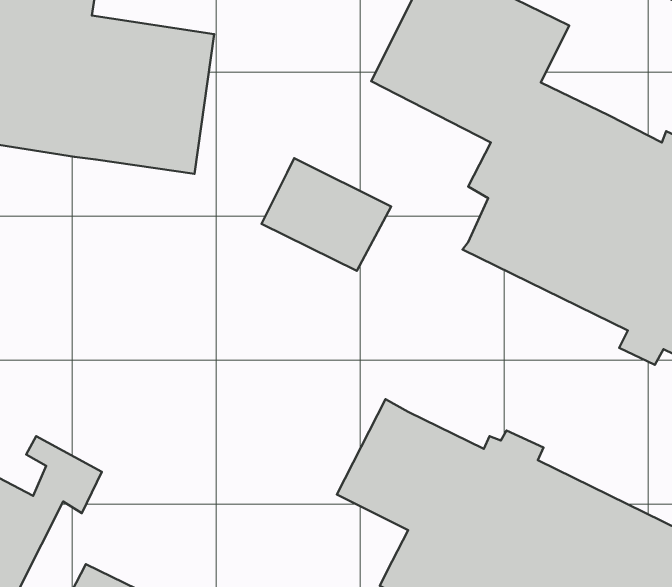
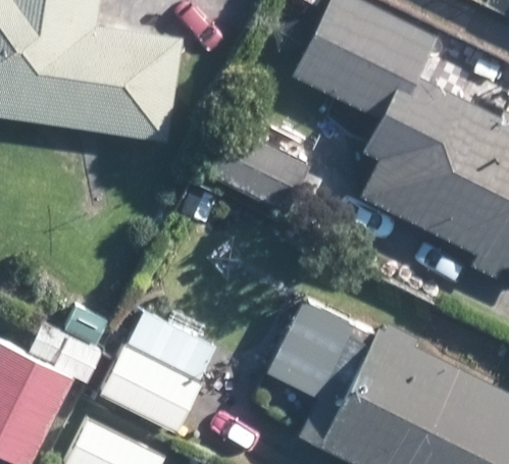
building: none -> [100,312,214,431]

